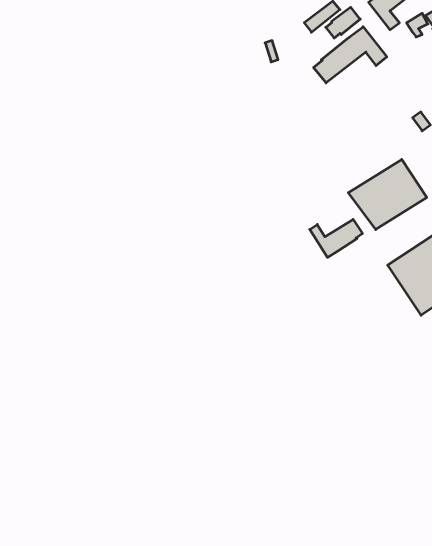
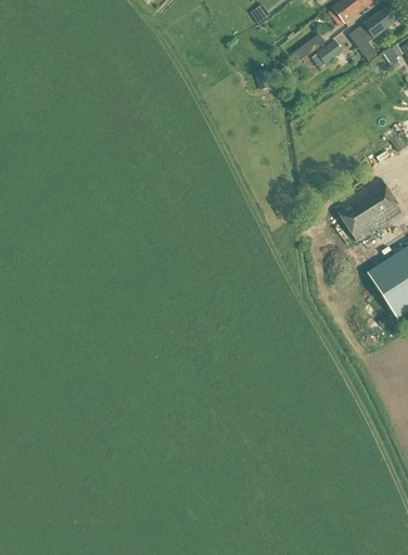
building: [314,27,387,83] -> none
building: [310,219,362,257] -> none

